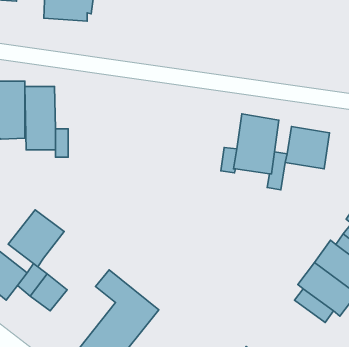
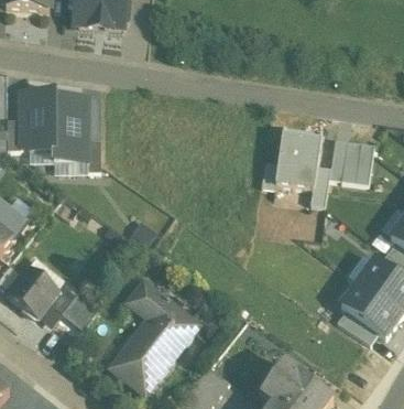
building: [8,210,64,267] -> none

